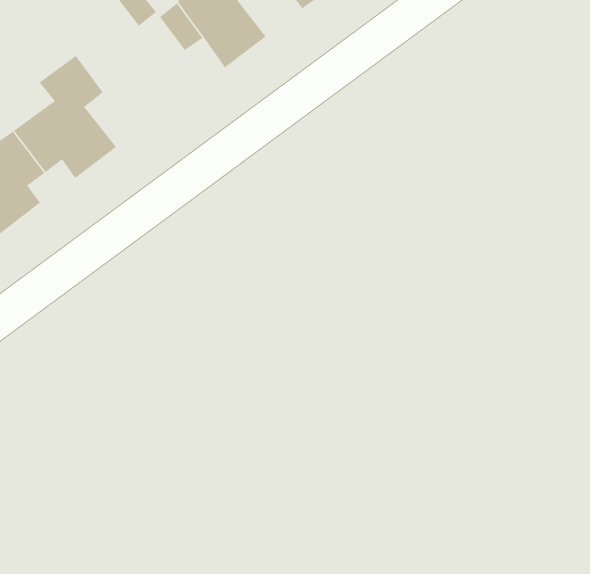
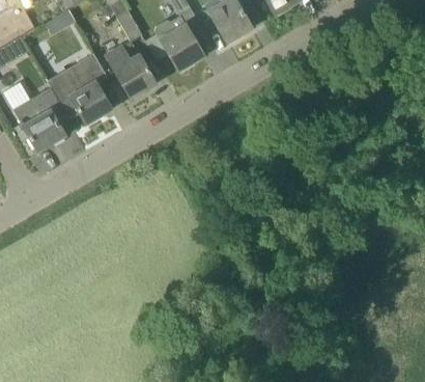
building: none -> [106,46,154,97]

